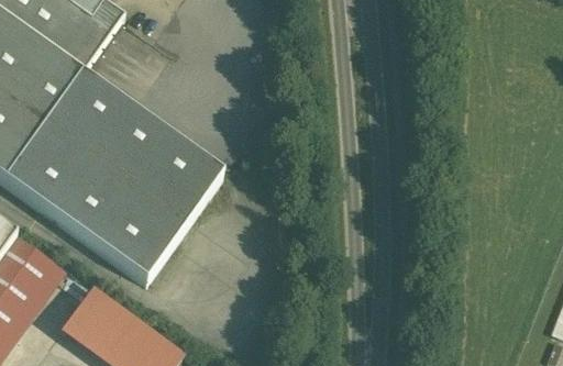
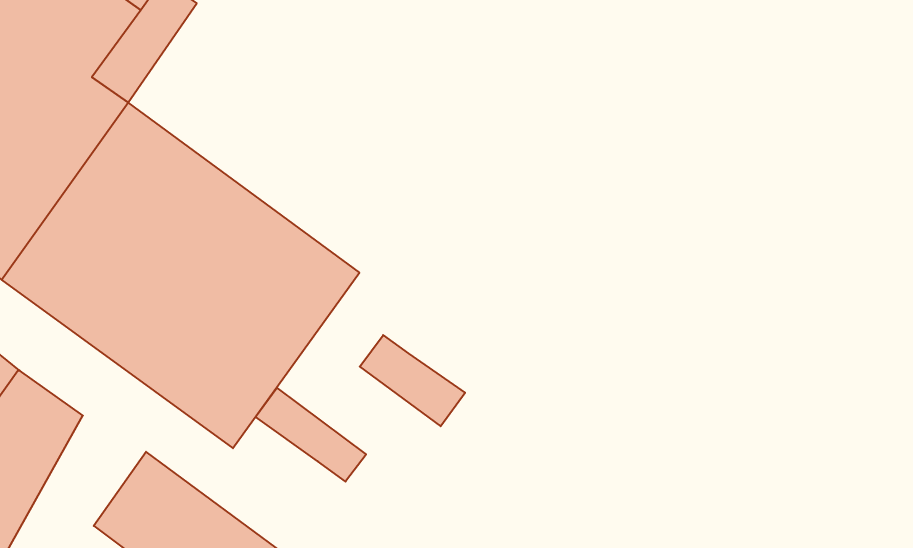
building: none -> [360,335,465,426]
building: none -> [256,388,366,482]

